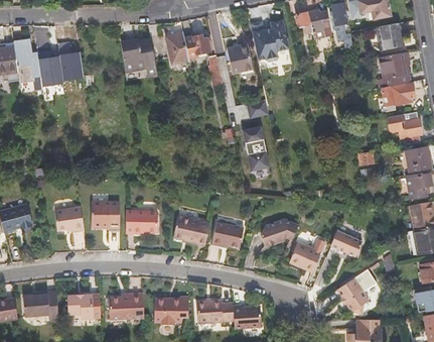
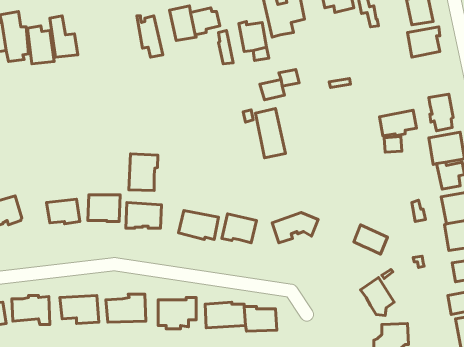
building: [120,41,141,73] -> none
building: [381,82,414,105] -> [380,110,416,136]
building: none -> [129,154,158,190]
building: [290,236,326,270] -> none

